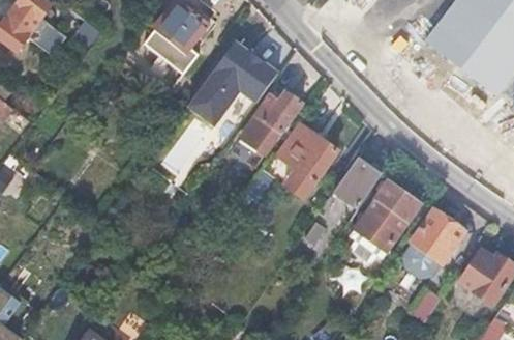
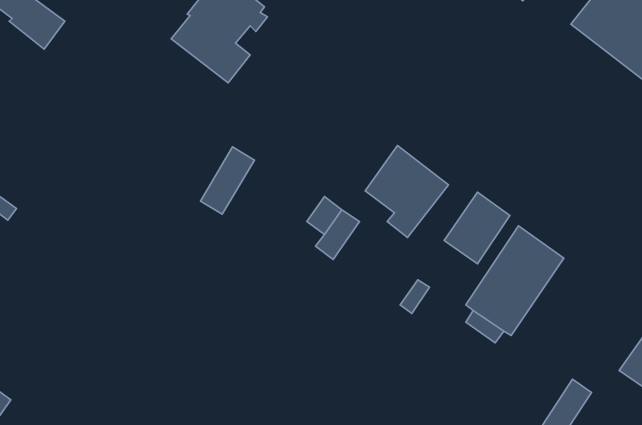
building: [188,42,278,126] -> none
building: [239,93,301,155] -> none
building: [401,210,462,281] -> none

